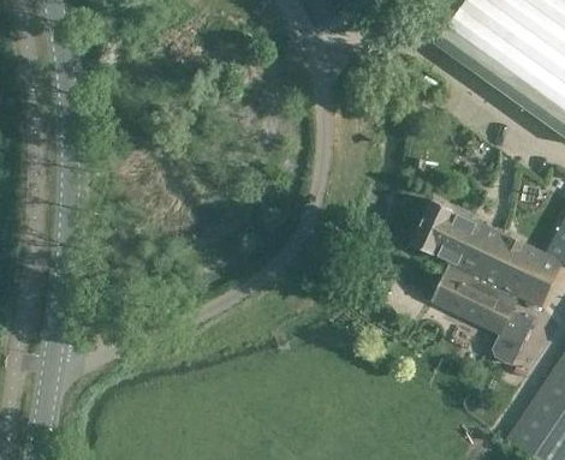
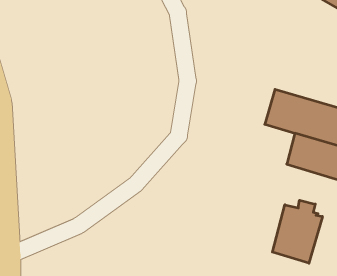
building: none -> [272,200,322,263]

